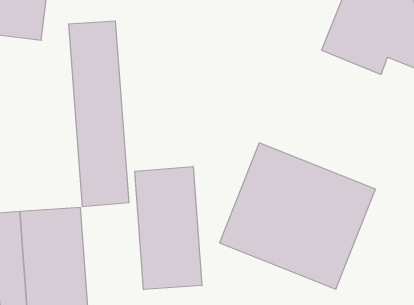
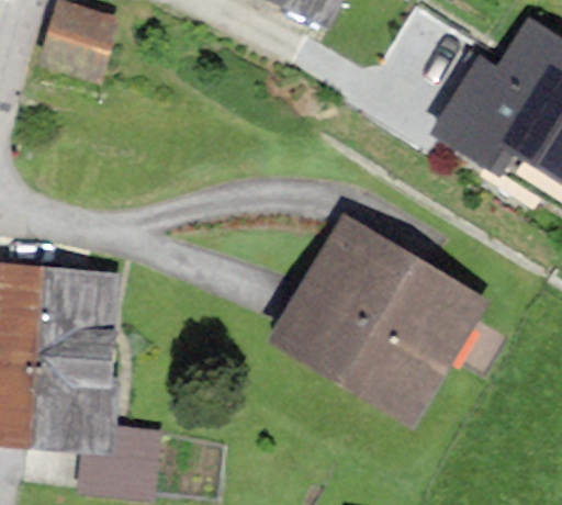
building: [69,21,129,207] -> none
building: [135,166,202,290] -> none

